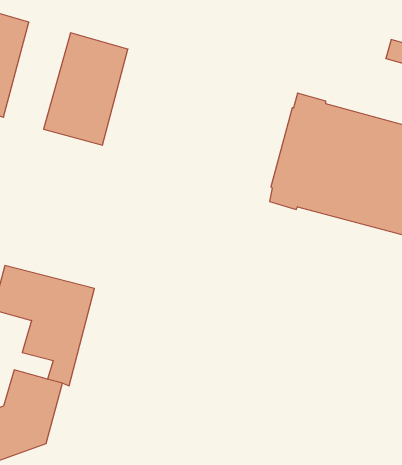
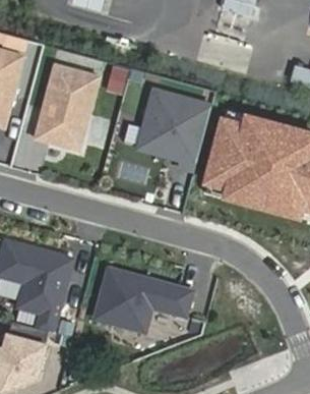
building: none -> [137,90,210,170]
building: none -> [94,267,192,331]

